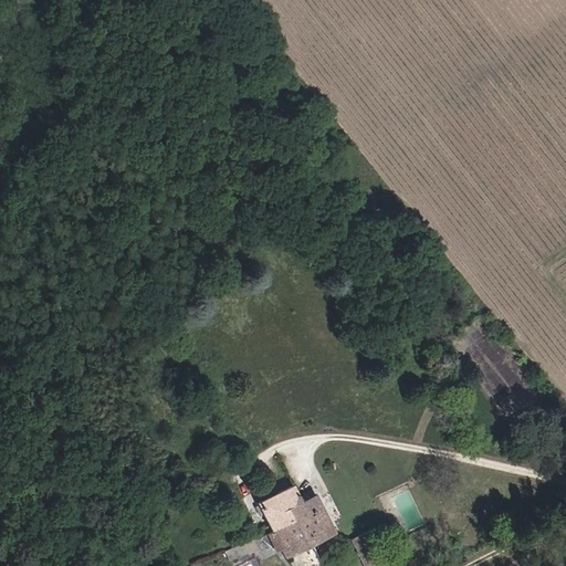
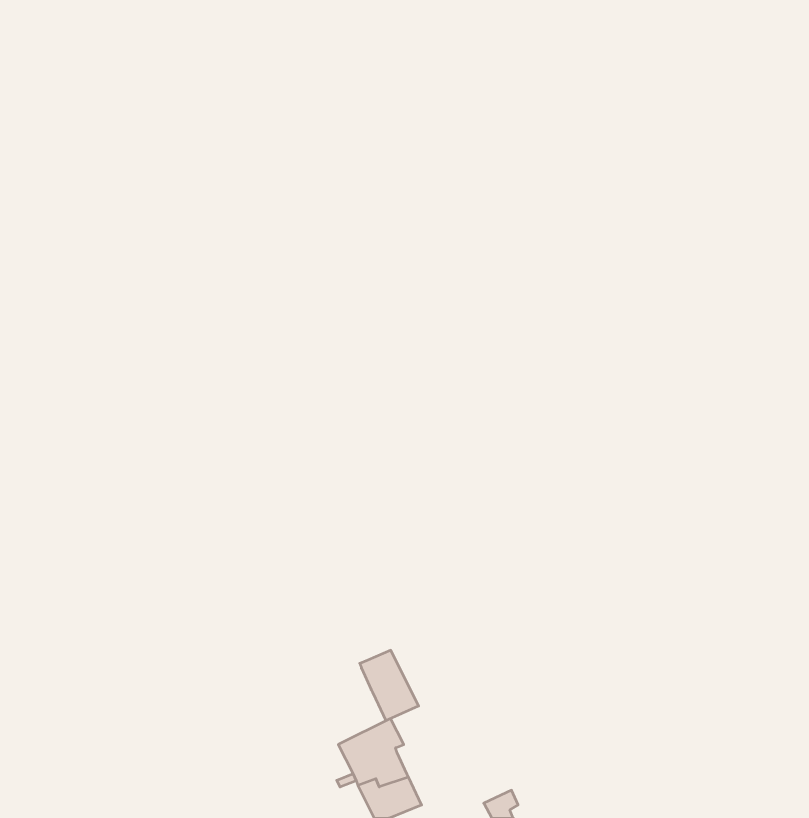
building: [285,497,325,545] -> [360,650,419,721]

